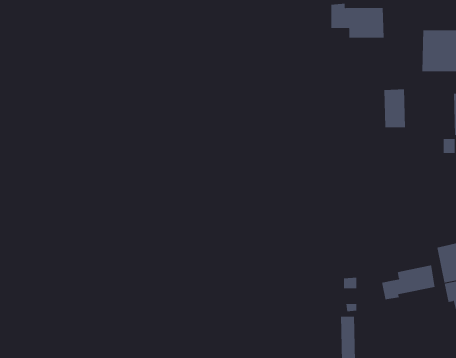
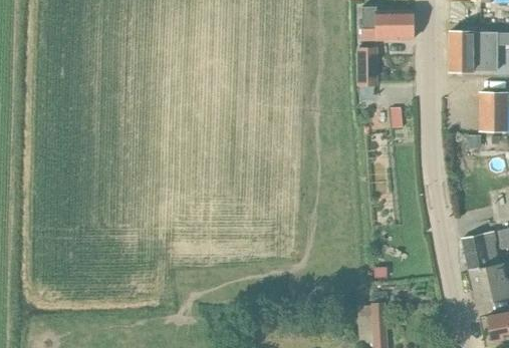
building: [384,89,406,128] -> [357,47,378,84]
building: [381,265,435,300] -> none

